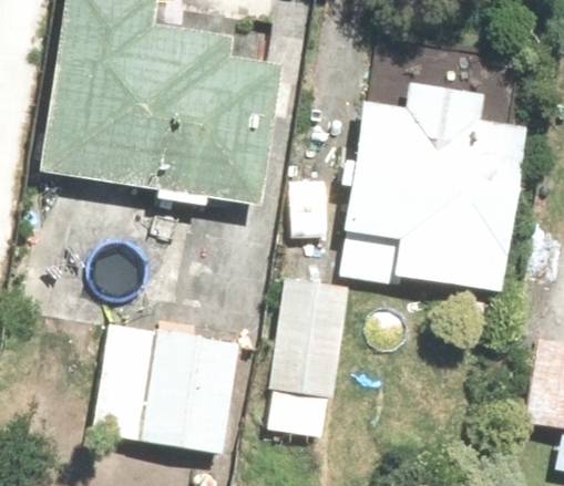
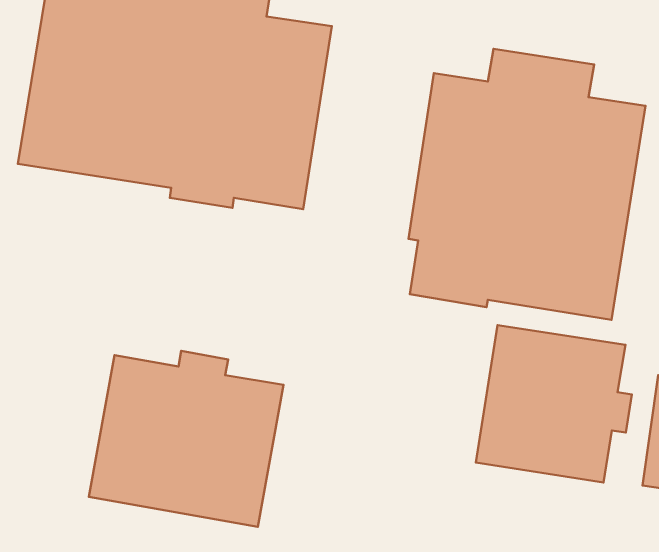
building: [270,275,350,435] -> none
building: none -> [476,325,632,482]

